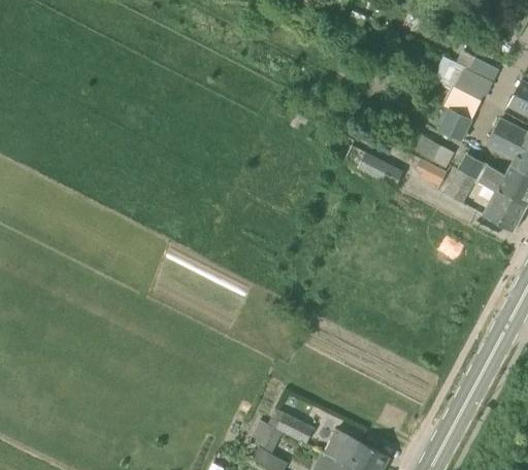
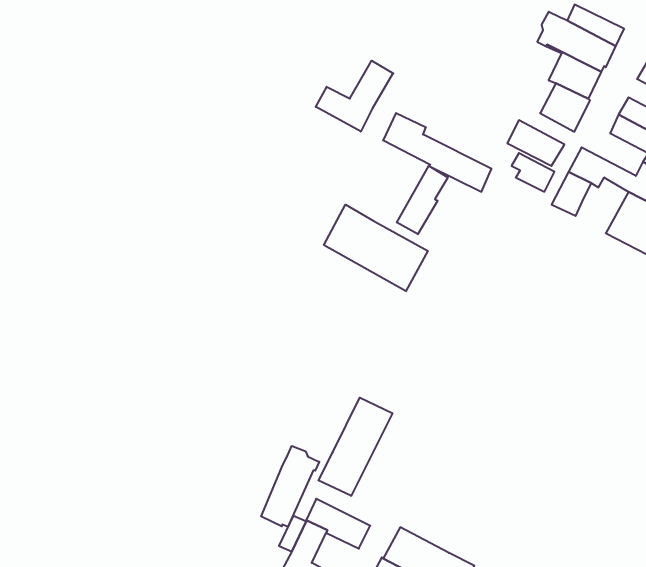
building: none -> [316,61,393,132]
building: none -> [397,166,448,234]
building: none -> [324,205,428,291]
building: none -> [318,398,392,496]
building: none -> [261,446,319,527]

